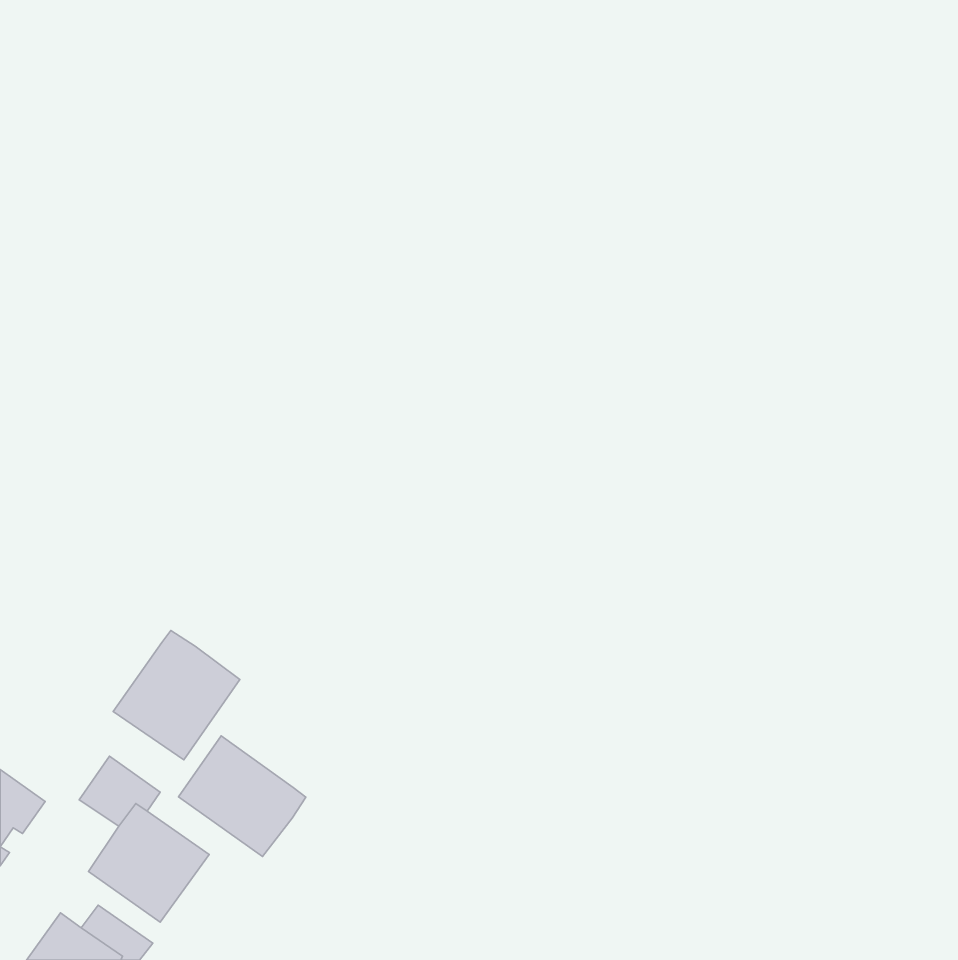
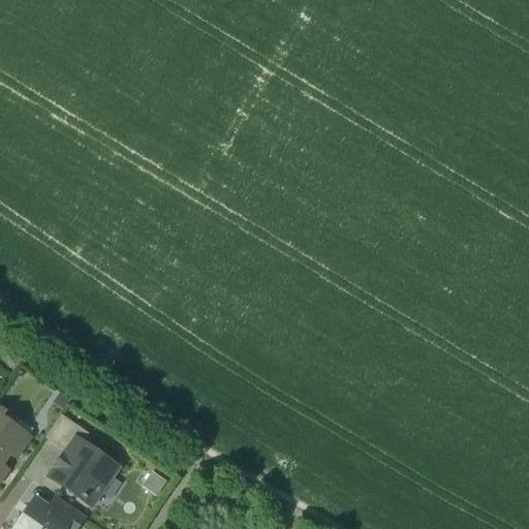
building: [113,630,240,760] -> none
building: [179,736,306,857] -> none

